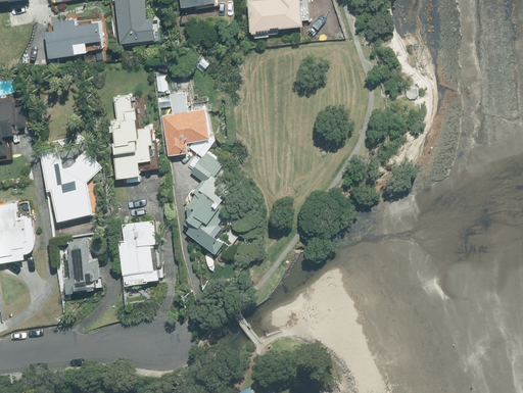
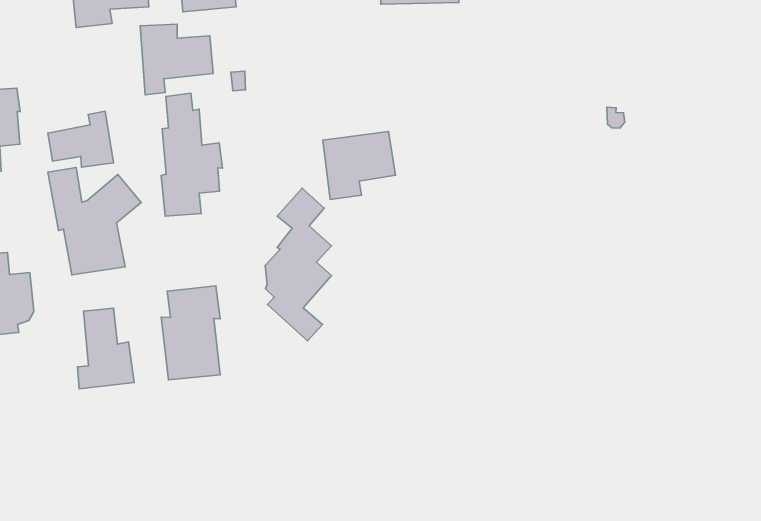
building: none -> [140,24,213,95]
building: [160,109,209,156] -> [323,131,395,200]
building: none -> [48,111,114,167]

